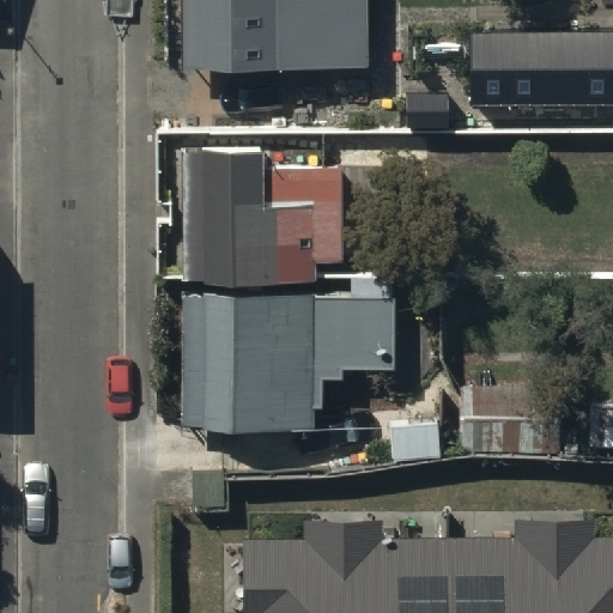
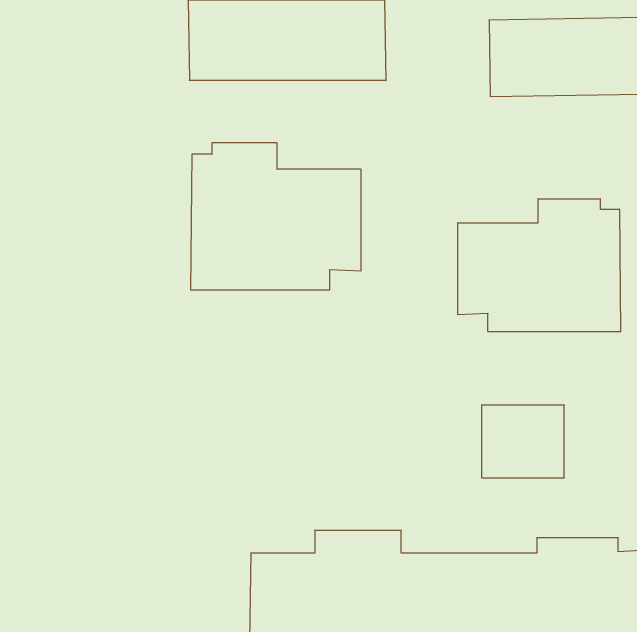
building: none -> [458,199,621,332]
building: [183,295,394,429] -> none

